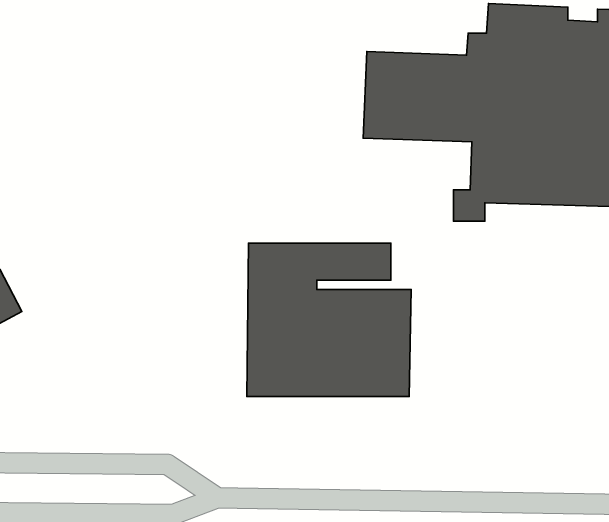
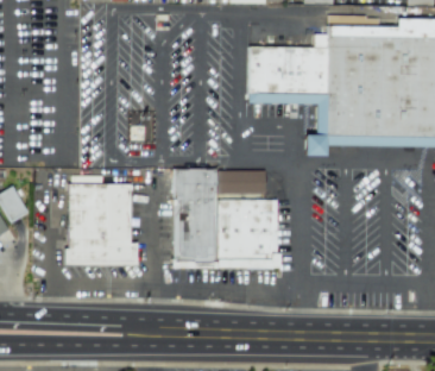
building: none -> [67,183,139,264]

